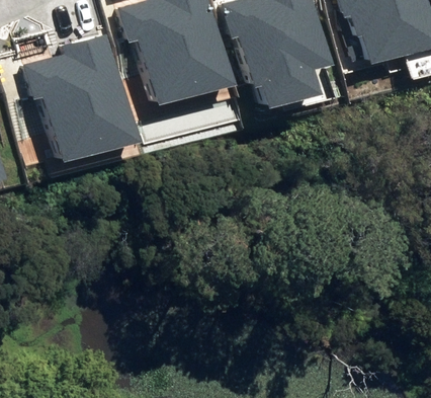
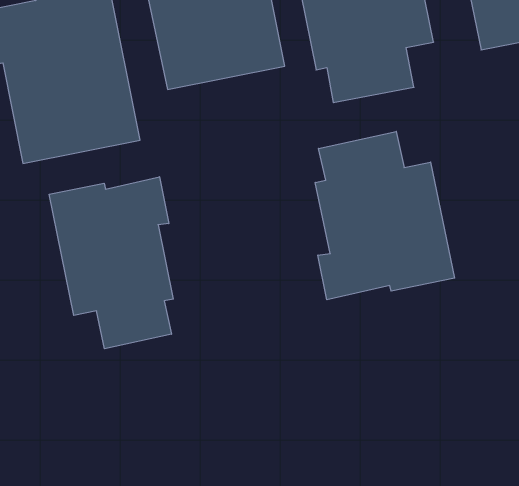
building: none -> [315,131,455,300]
building: none -> [49,177,173,349]

